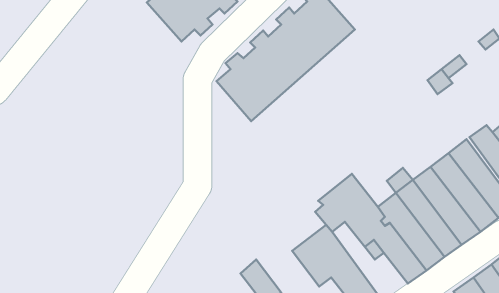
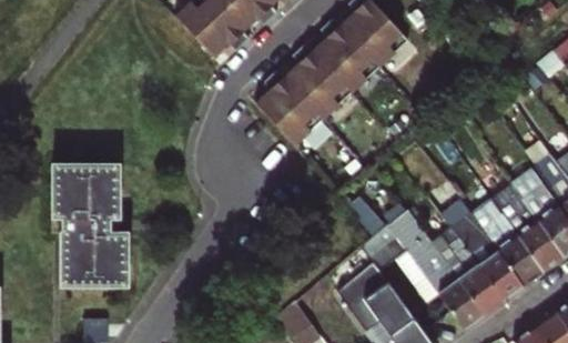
building: none -> [52,162,128,290]

